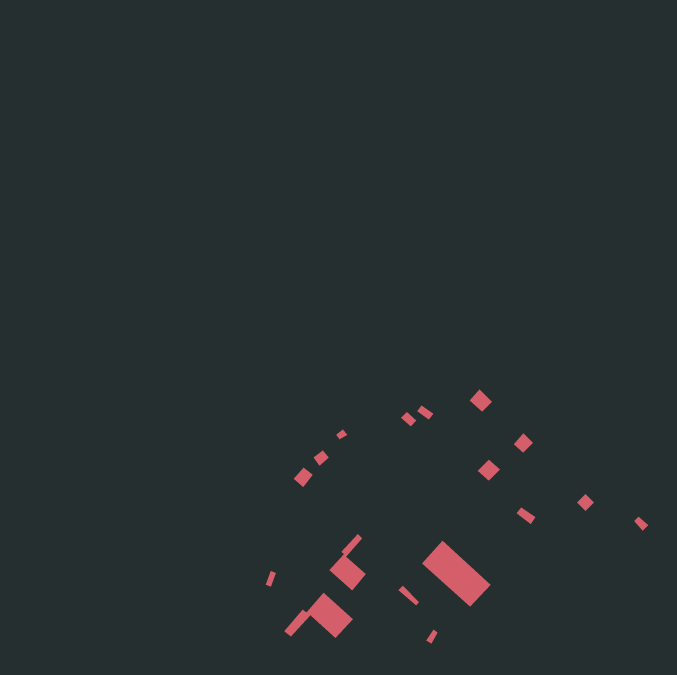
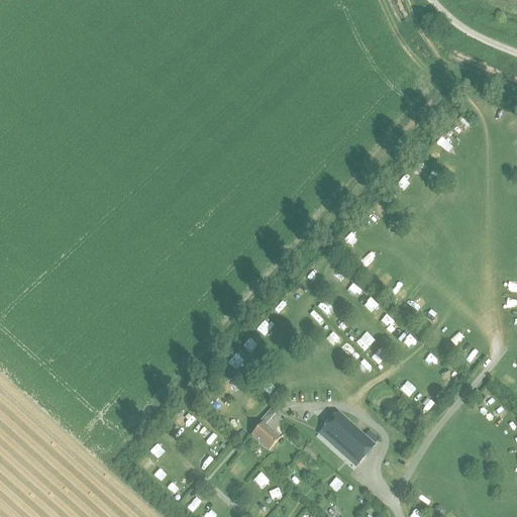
building: [283,592,354,639] -> none

